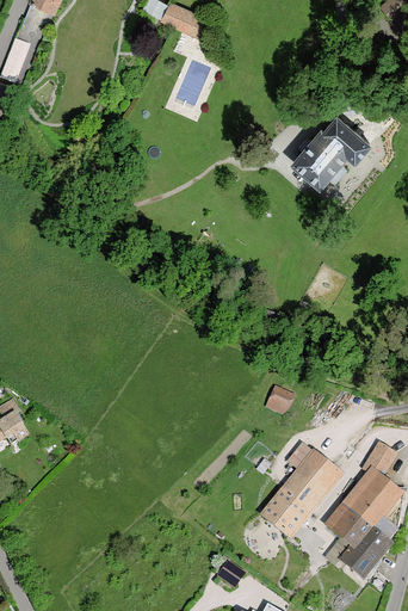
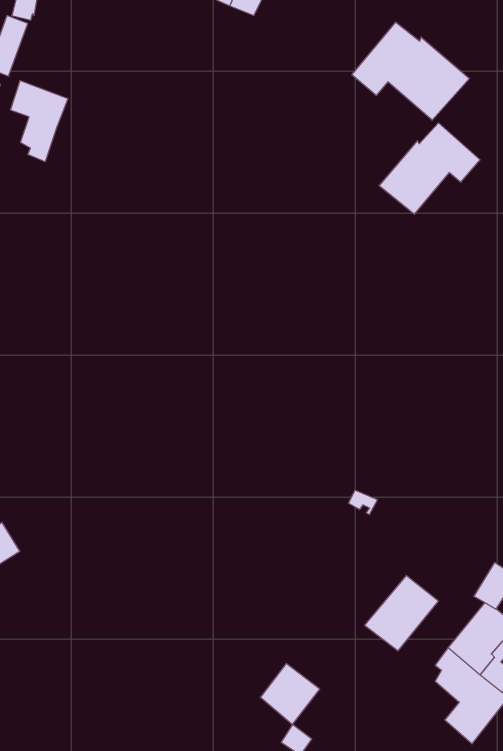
building: none -> [352,22,469,120]
building: none -> [11,80,68,162]
building: [264,489,308,535] -> [260,664,320,725]

